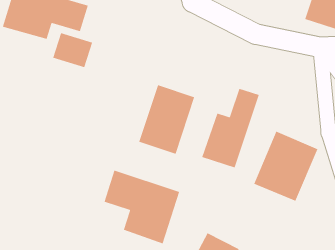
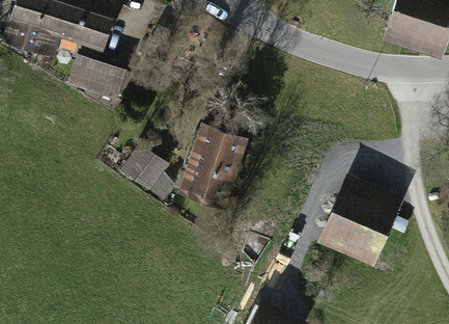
building: [201,88,260,168] -> none
building: none -> [121,143,171,192]
building: [103,169,180,244] -> none

